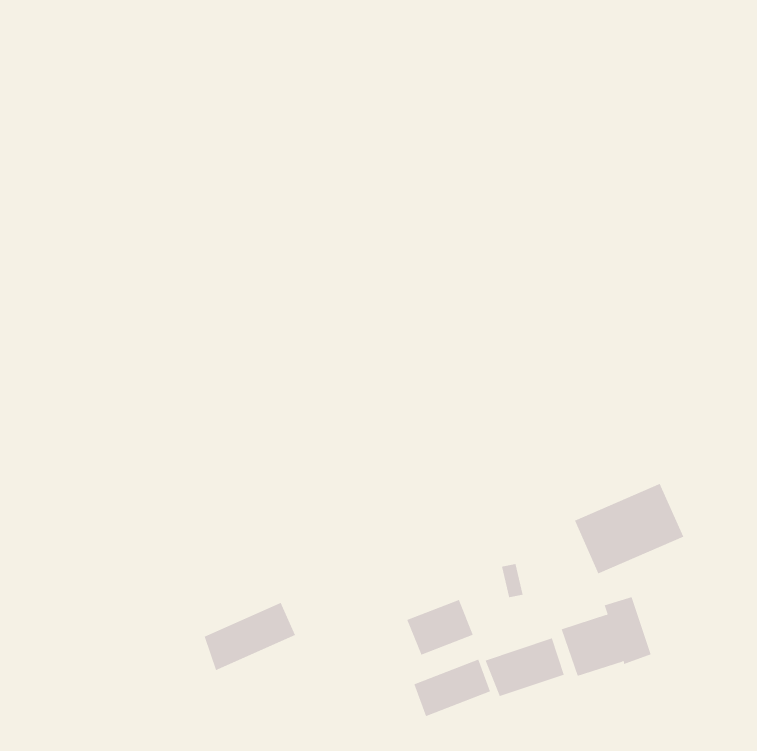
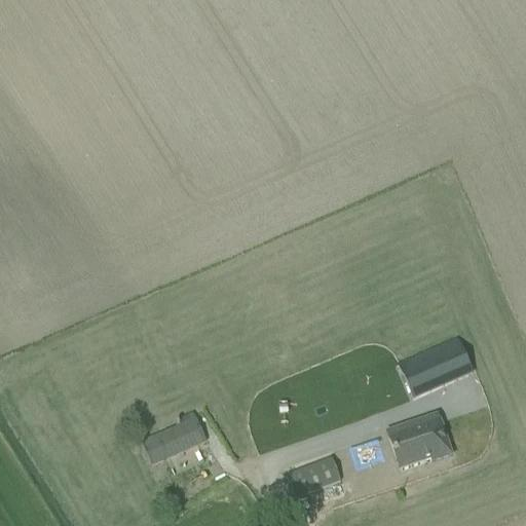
building: [407,599,474,656] -> none
building: [485,638,564,697] -> none

